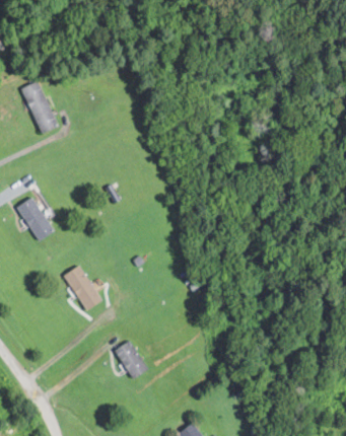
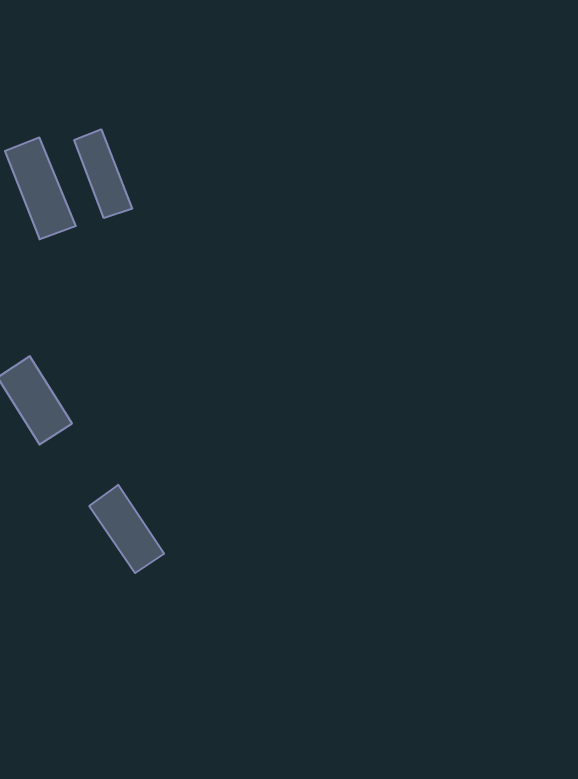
building: none -> [74,129,132,218]
building: [115,340,148,379] -> none

